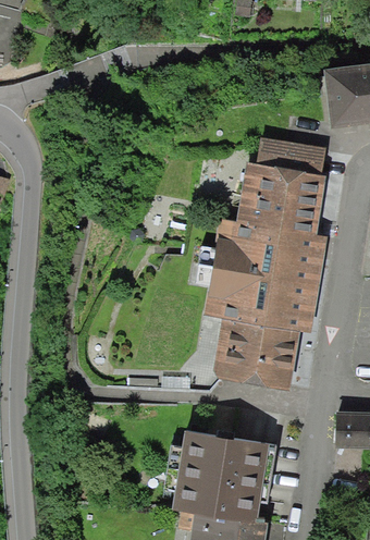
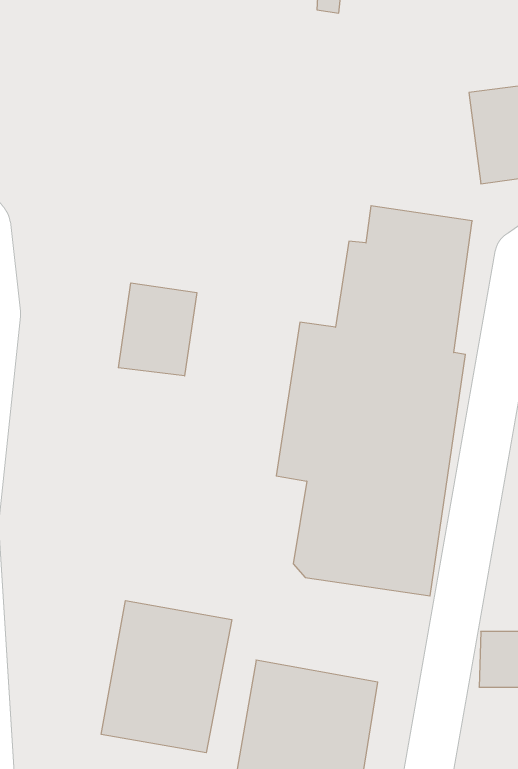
building: none -> [118,283,197,376]
building: none -> [101,601,232,753]

